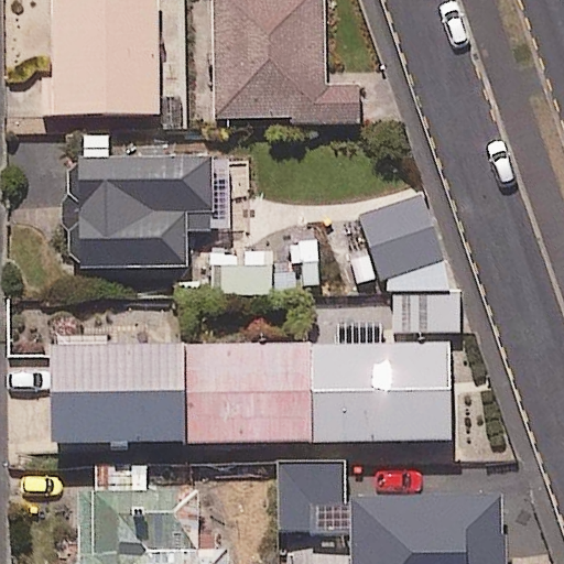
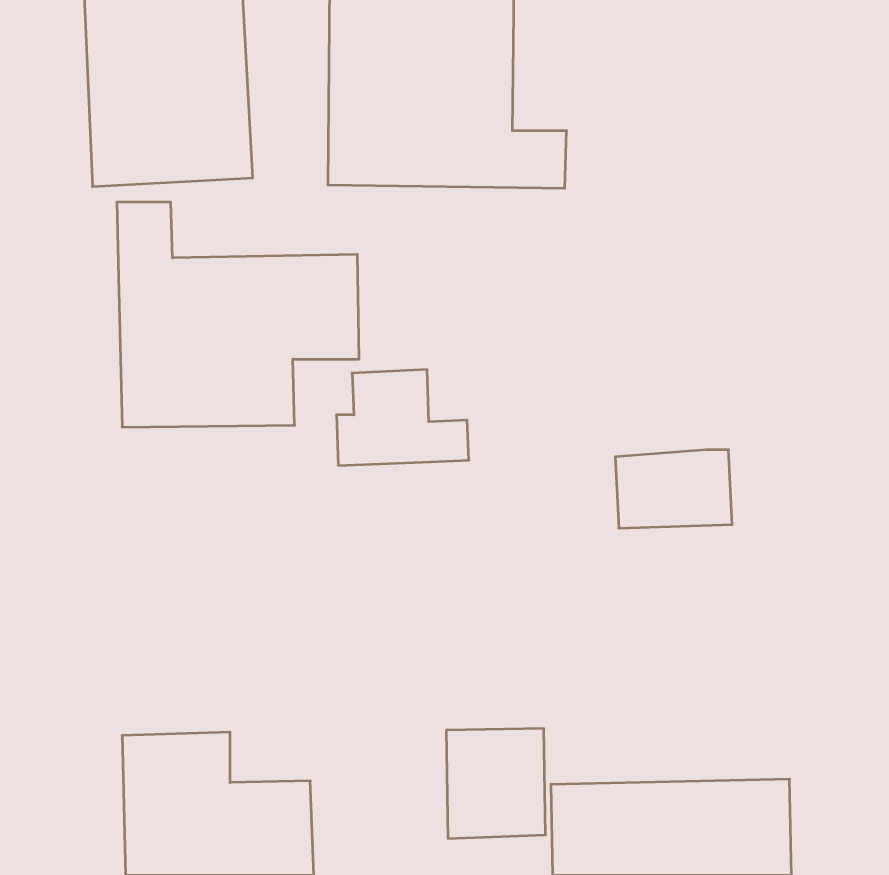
building: [359,187,446,289] -> none
building: [53,335,183,452] -> none
building: [319,340,451,441] -> none
building: [200,346,310,446] -> none

